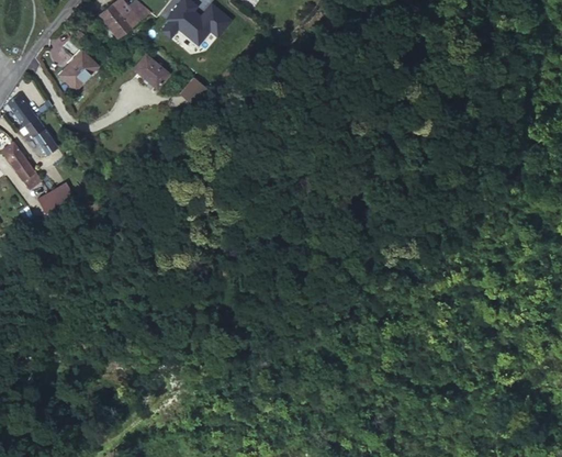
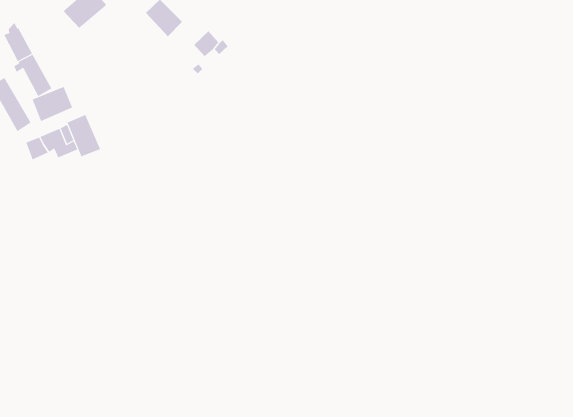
building: none -> [32,86,73,122]
building: none -> [67,114,101,157]

